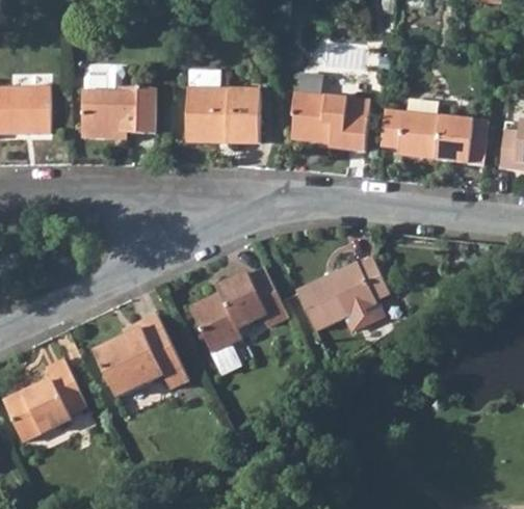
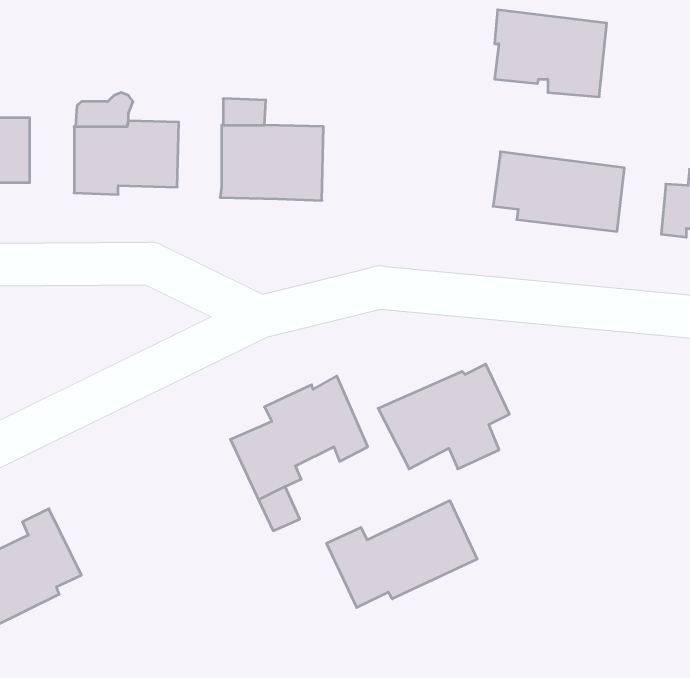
building: [289,90,368,152] -> [495,10,607,97]
building: [97,315,189,397] -> none
building: none -> [327,501,477,608]

